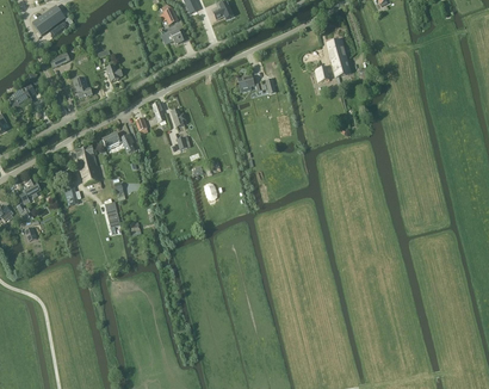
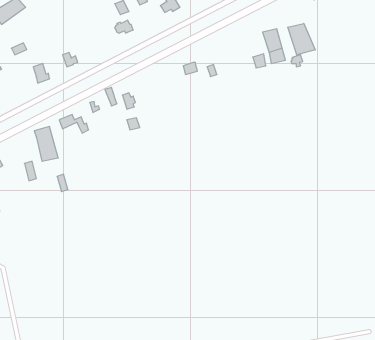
building: none -> [288,23,315,55]

